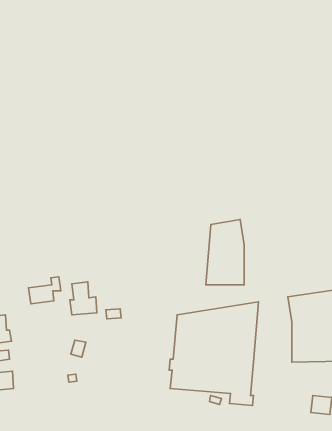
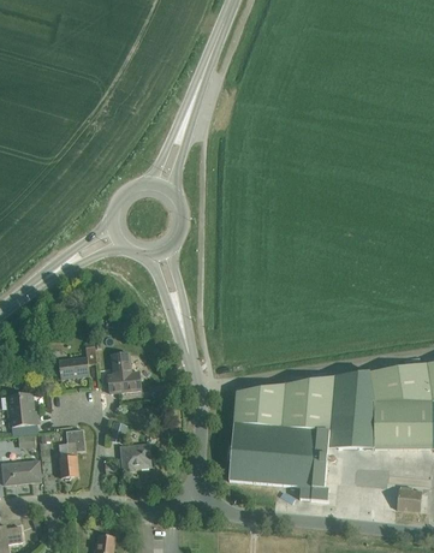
building: [206,220,244,285] -> [327,370,373,448]
building: none -> [58,428,84,478]
building: none -> [119,444,150,471]

